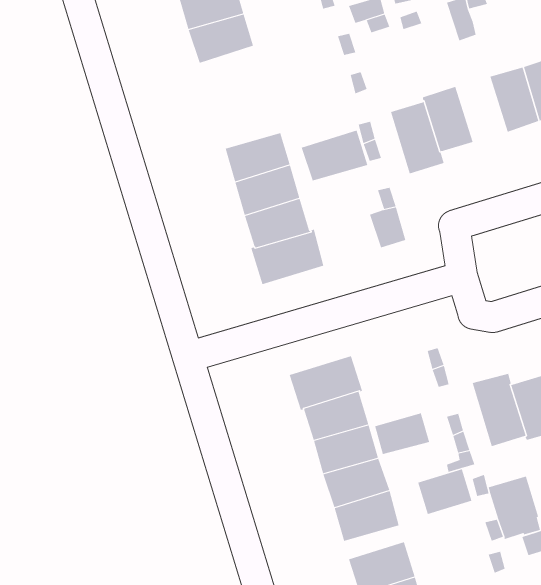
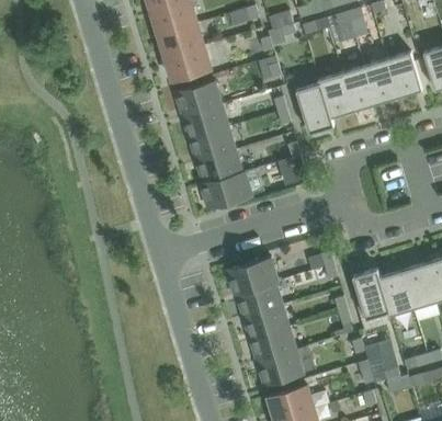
building: none -> [166,45,211,80]
building: none -> [341,66,376,111]
building: [301,130,368,181] -> [175,80,222,115]
building: [375,413,430,455] -> none
building: [417,468,472,515] -> none

